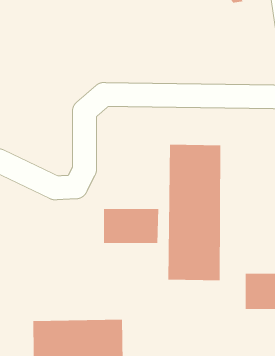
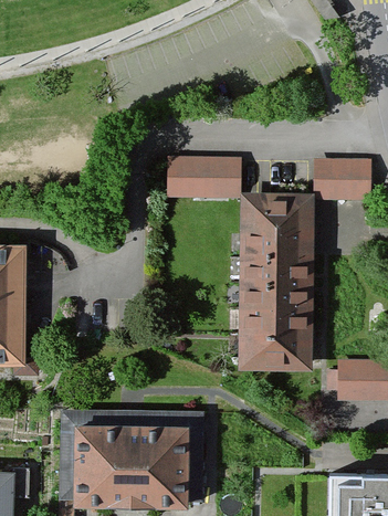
building: none -> [319,160,371,201]
building: [103,209,159,243] -> [171,160,242,204]

